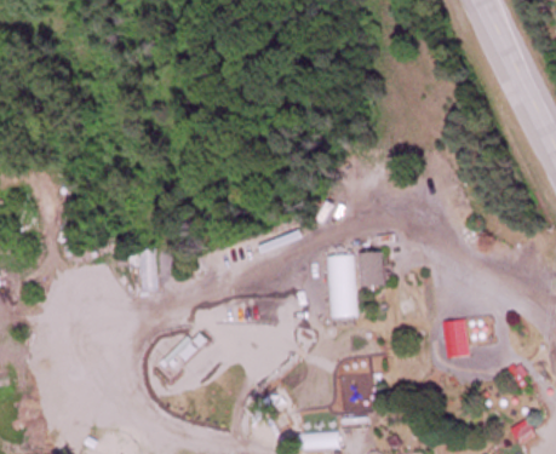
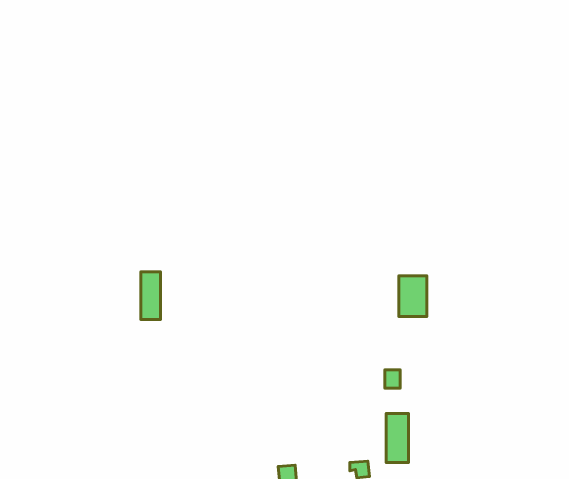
building: [332,255,354,316] -> none

